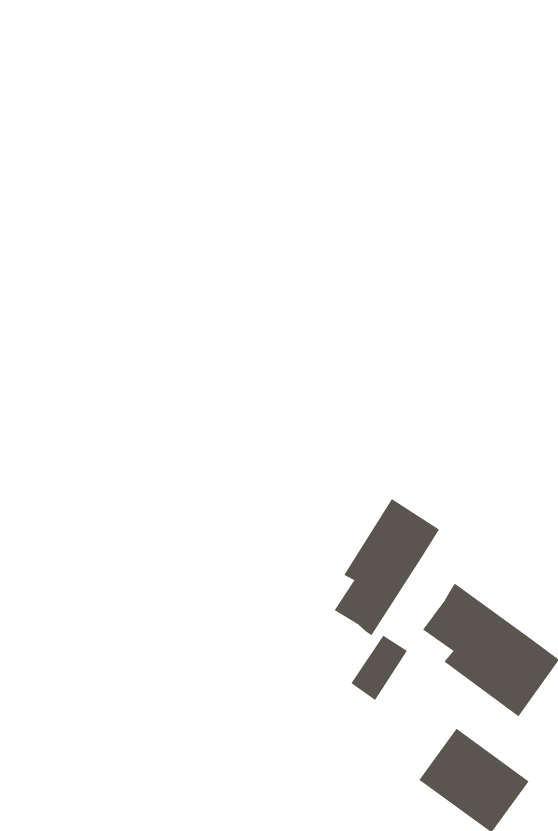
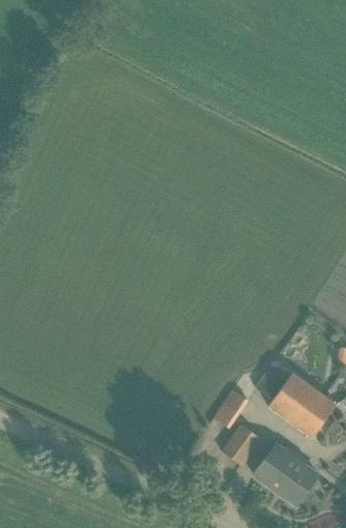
building: [334,498,440,636] -> none
building: none -> [222,424,261,466]

